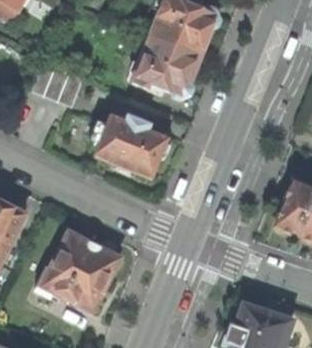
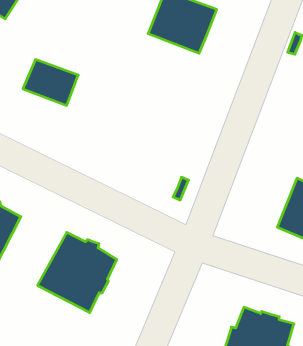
building: [131,36,199,94] -> none
building: [89,113,169,176] -> none

